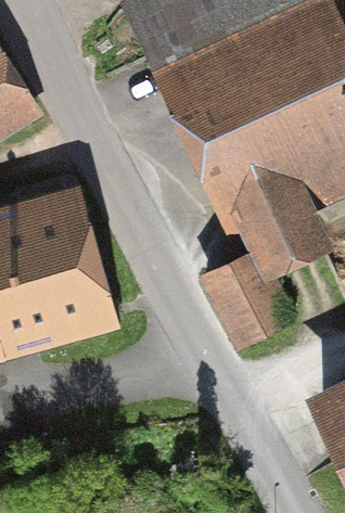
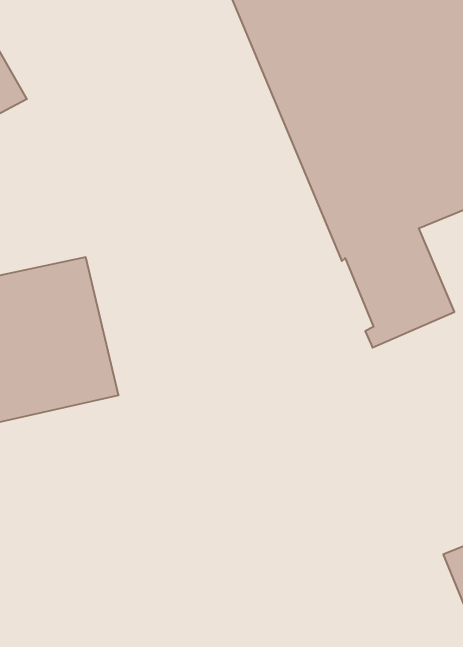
building: [207,254,290,338] -> none

